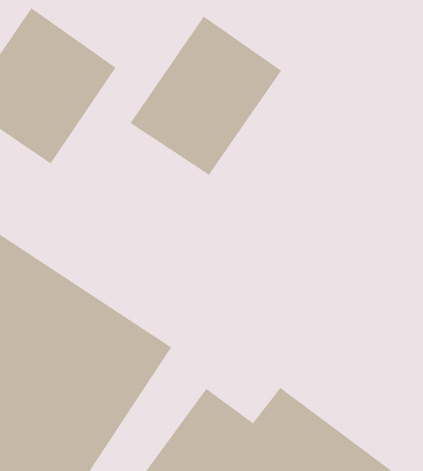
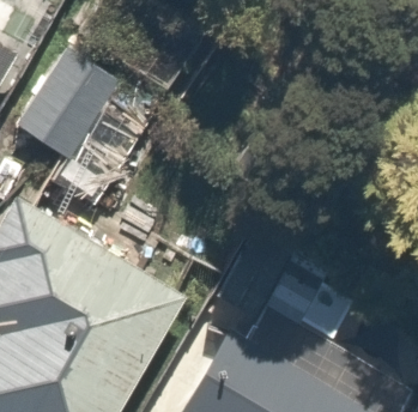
building: [130,15,282,176] -> none

